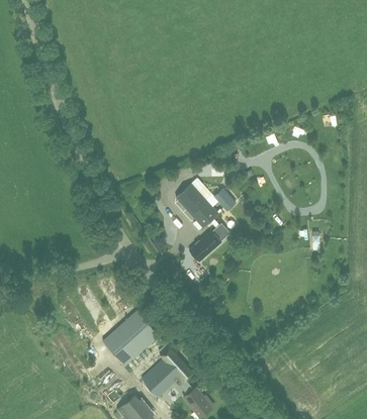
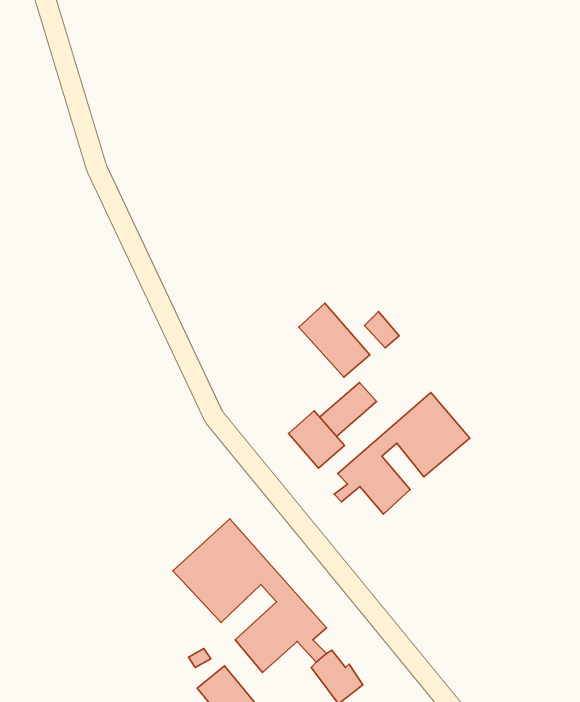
building: none -> [334,392,470,514]
building: none -> [288,411,344,468]

